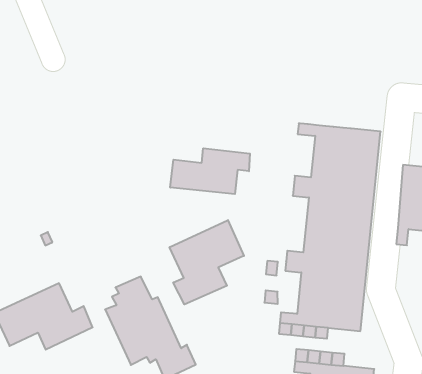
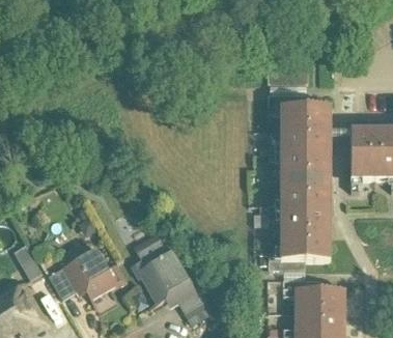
building: [170,148,250,194] -> none
building: [170,220,244,304] -> none

